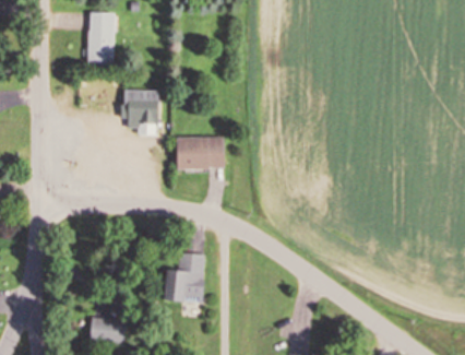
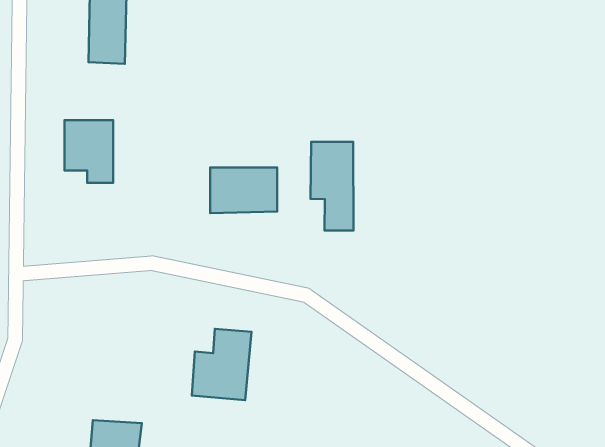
building: [123,91,158,135] -> [64,120,113,183]
building: none -> [311,142,353,231]

